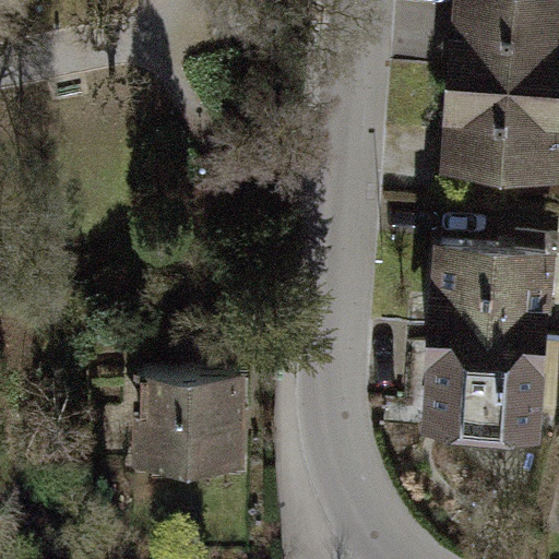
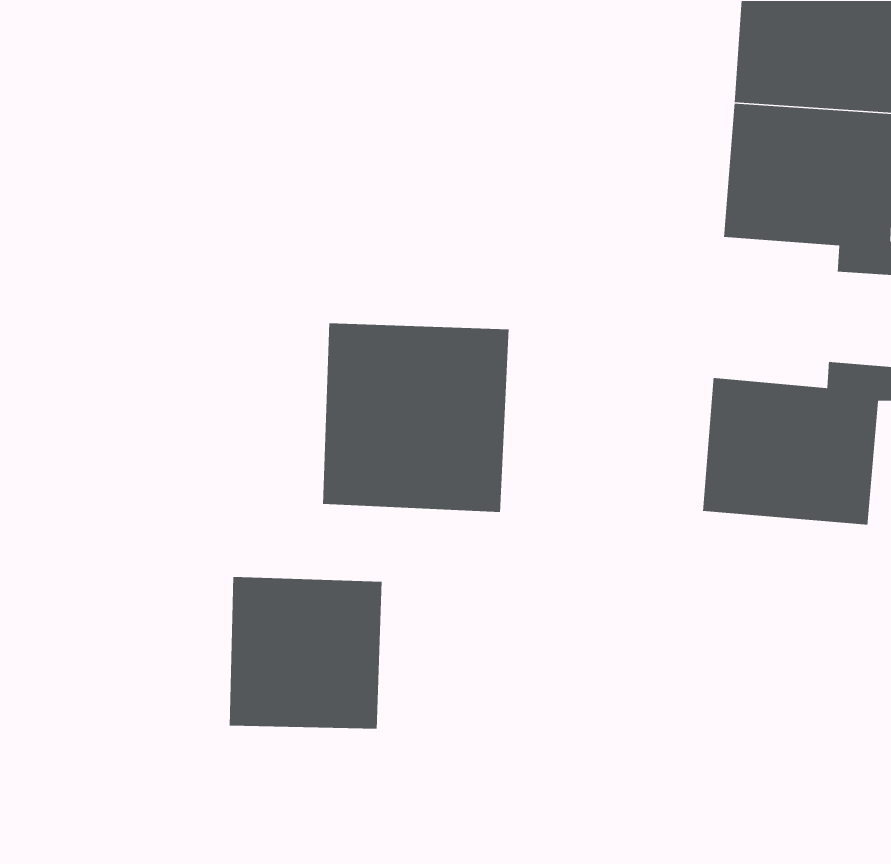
building: none -> [322,323,509,513]
building: [432,337,544,430] -> none

